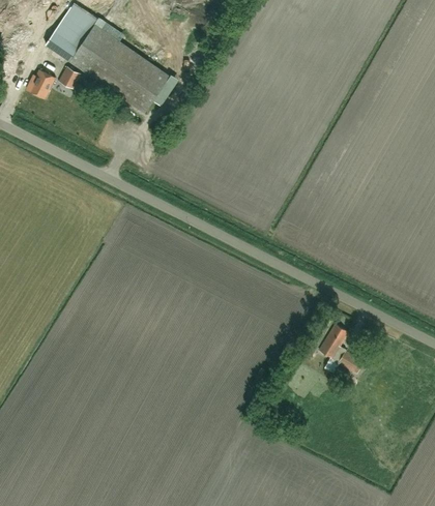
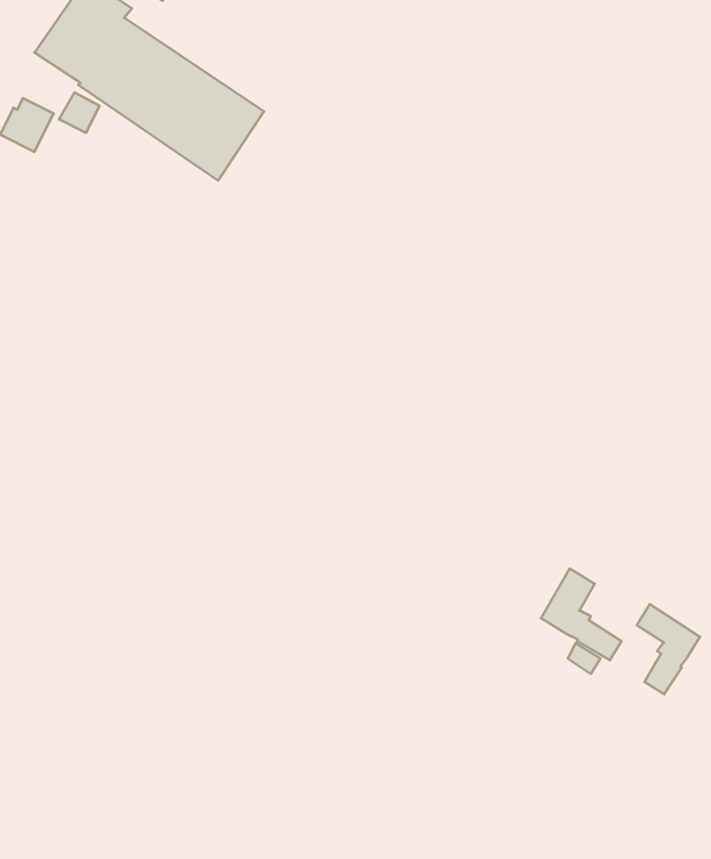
building: none -> [637,604,700,694]

